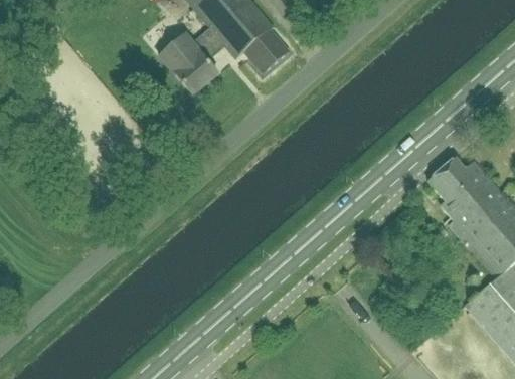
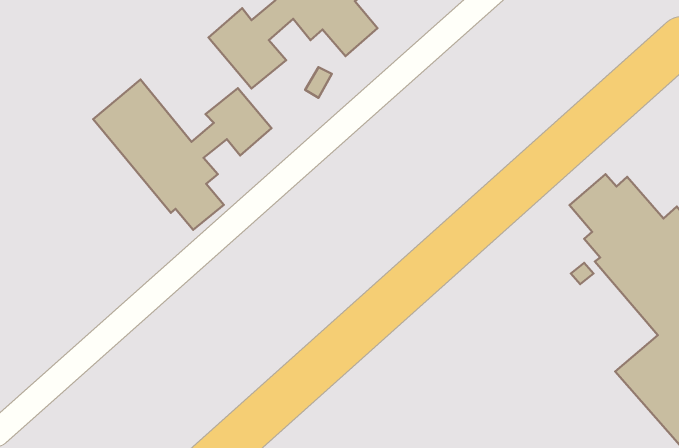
building: none -> [93,79,272,230]

